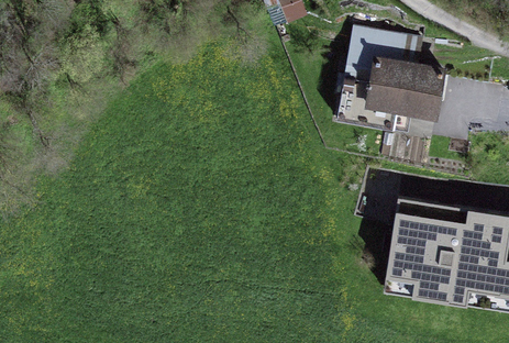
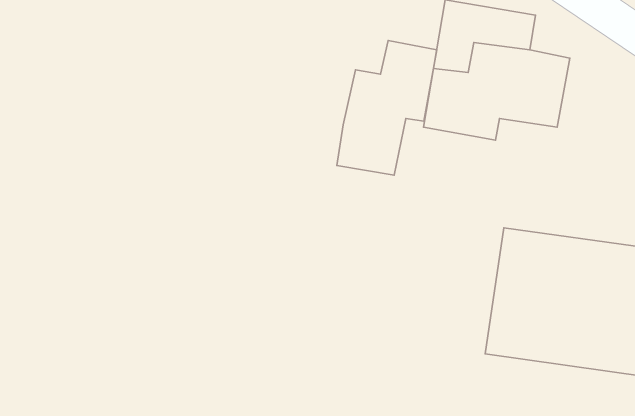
building: none -> [337,40,437,175]

